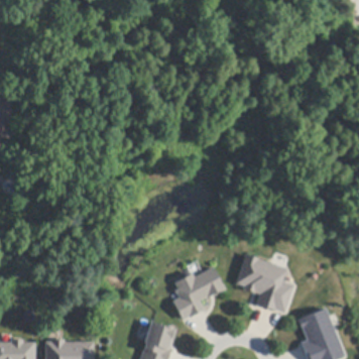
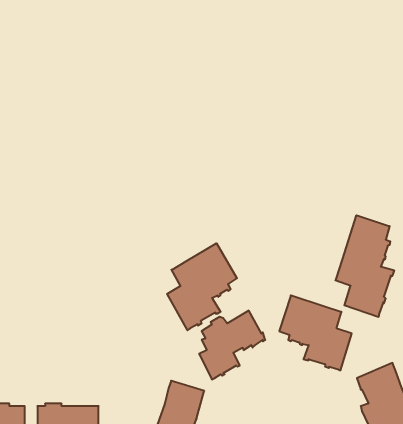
building: none -> [335,215,394,317]
building: none -> [167,243,237,330]

